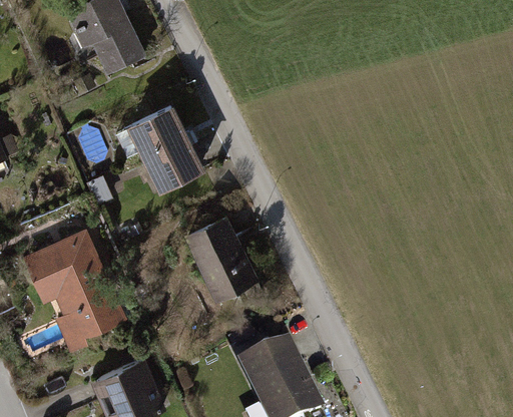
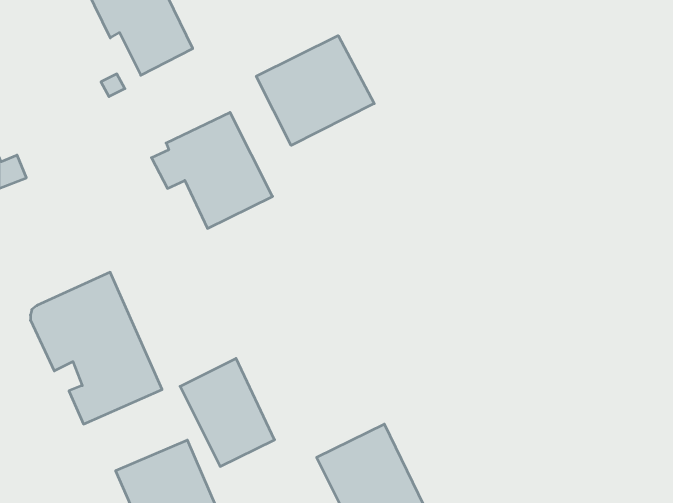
building: none -> [256,36,374,145]
building: [186,219,258,300] -> [180,358,275,466]

